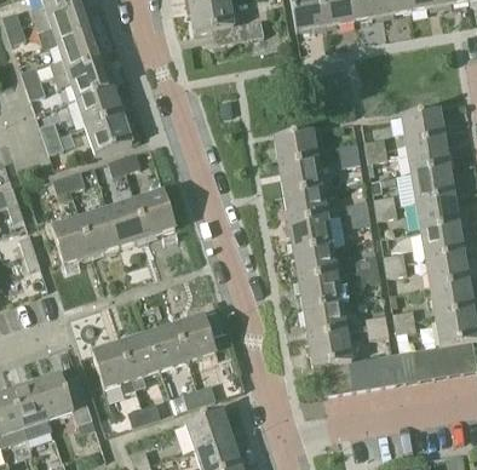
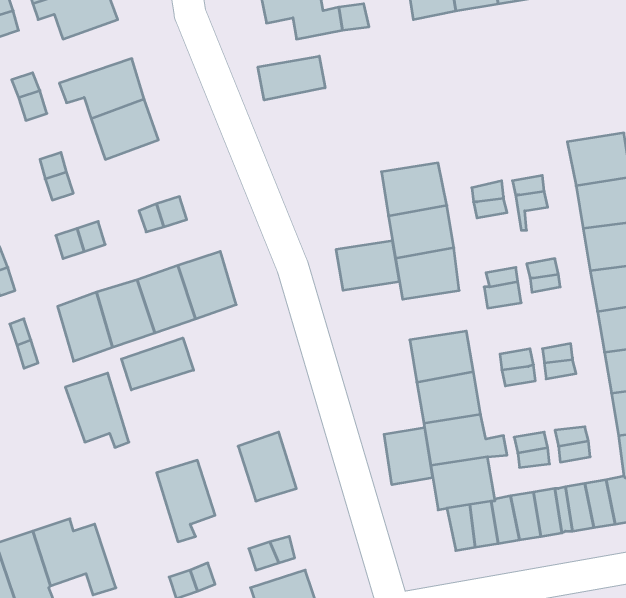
building: [50,31,103,75] -> none
building: none -> [258,56,325,100]
building: [85,114,131,155] -> none
building: [288,217,332,251] -> [336,241,400,290]
building: none -> [121,338,194,390]
building: none -> [384,427,432,485]
building: [148,323,188,371] -> none
building: [91,342,134,392] -> [65,373,129,447]

